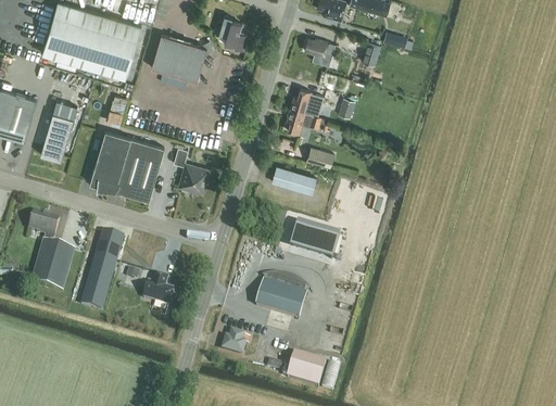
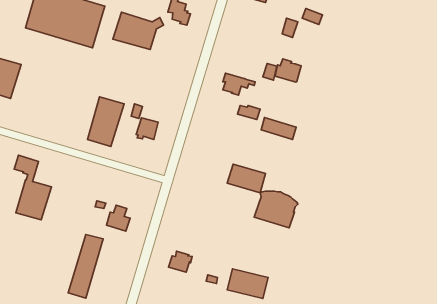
building: [304,39,334,67] -> none
building: [290,89,323,118] -> [275,59,301,82]
building: [39,113,73,161] -> none
building: [89,131,134,193] -> none
building: [271,167,315,194] -> [261,118,296,139]
building: [79,233,123,313] -> [68,234,103,298]
building: [254,275,308,320] -> [254,191,298,228]

